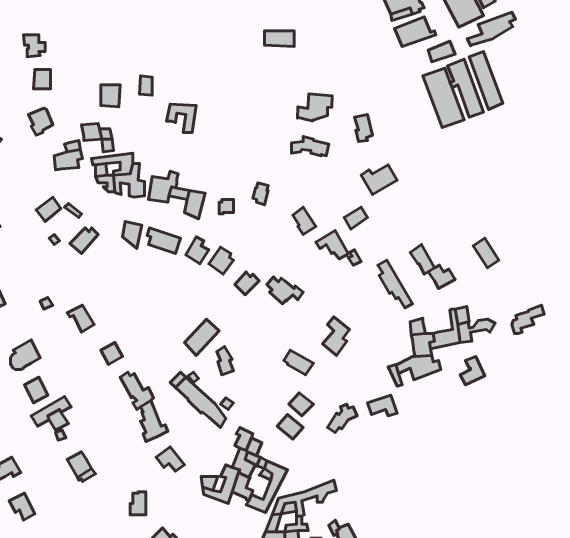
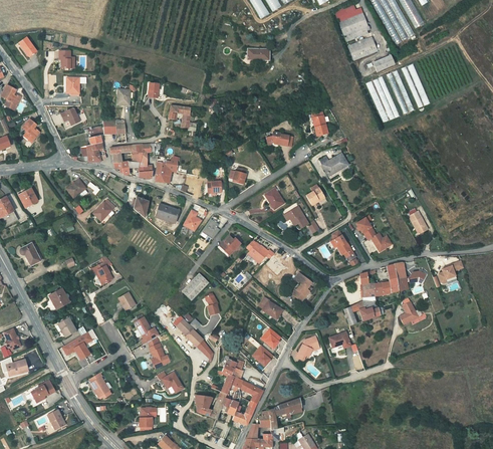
building: [467,12,516,46] -> none
building: [297,94,332,121] -> none

